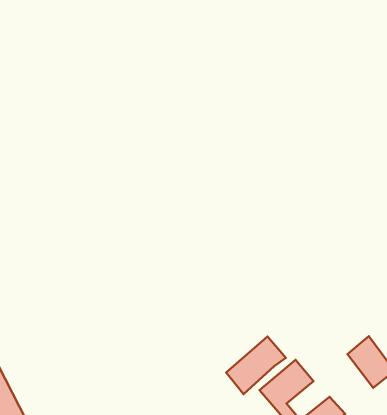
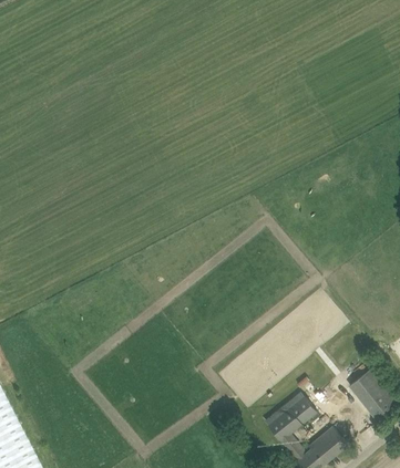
building: [226,336,286,394] -> none

